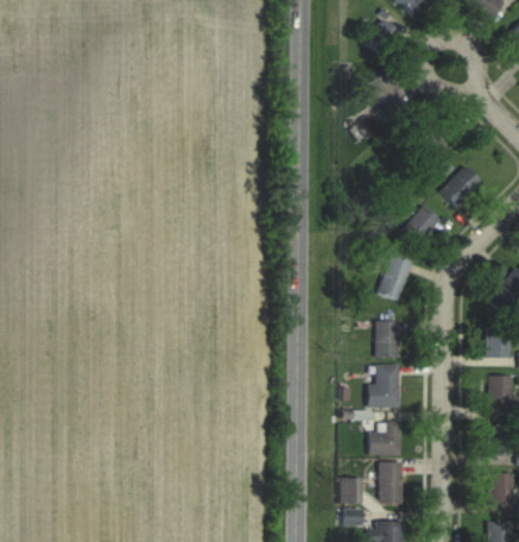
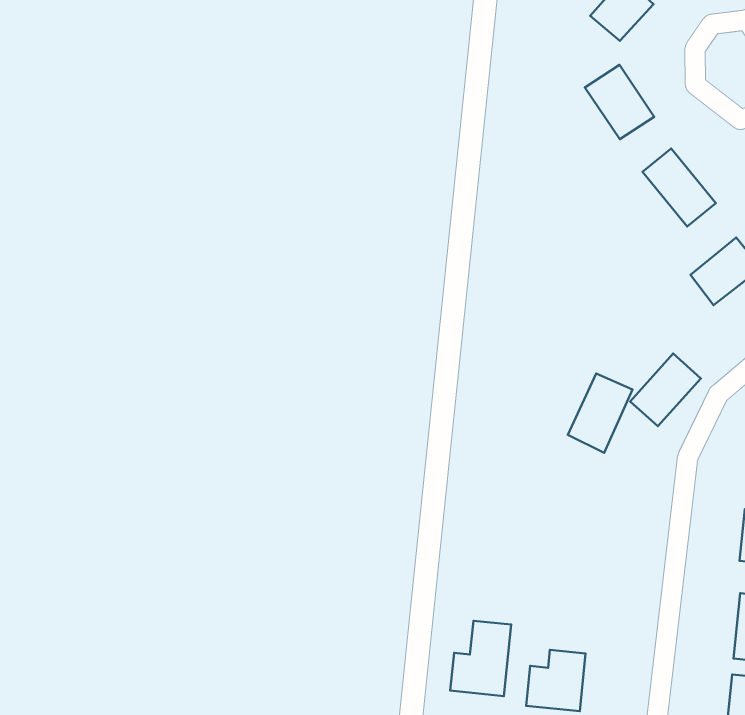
building: [399,203,439,247] -> [630,354,701,426]
building: [375,320,399,357] -> none
building: [367,364,399,406] -> [450,621,511,696]

